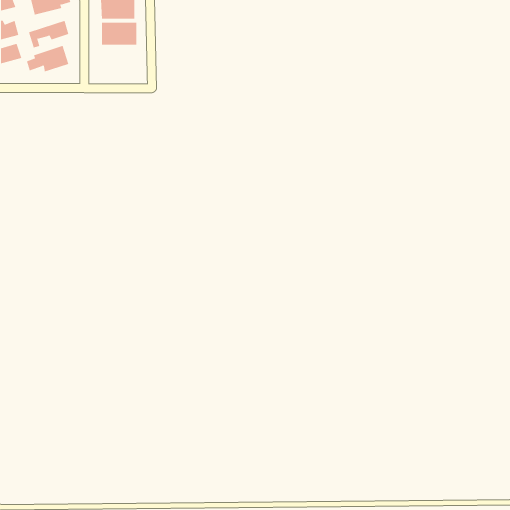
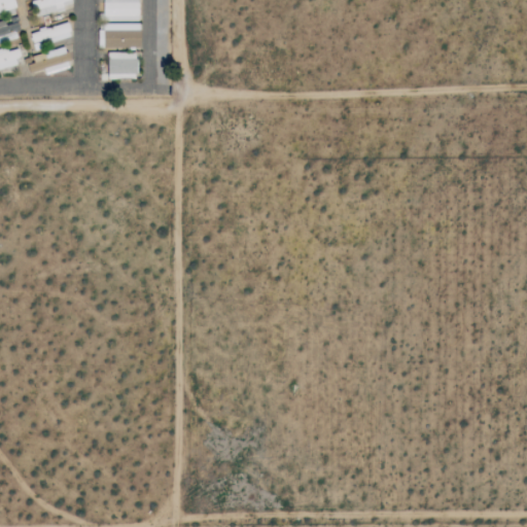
building: none -> [109,51,138,77]

